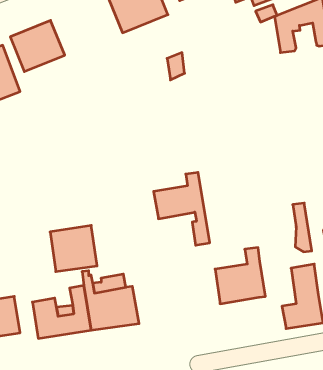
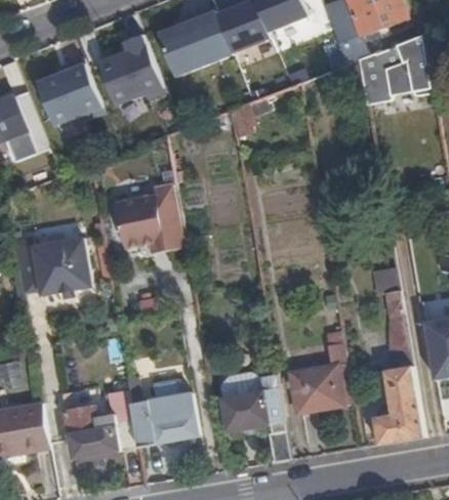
building: none -> [101,45,164,106]
building: none -> [115,183,185,253]
building: [154,172,210,245] -> [218,372,288,462]
building: [50,225,97,272] -> [32,235,90,292]

